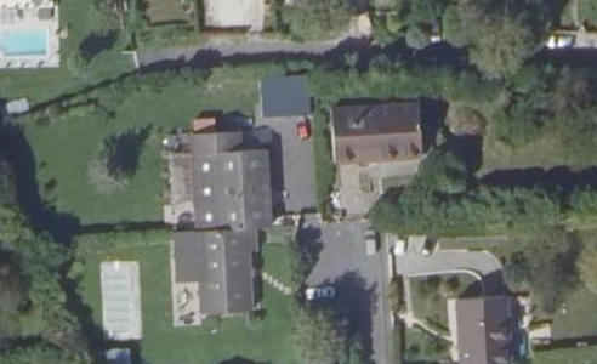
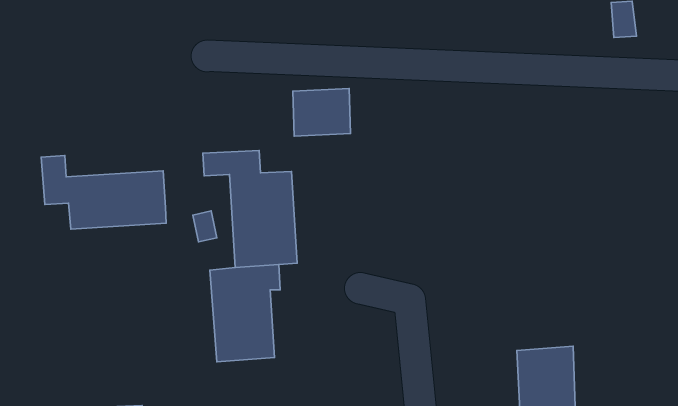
building: [329,102,419,160] -> none
building: none -> [41,156,166,229]

